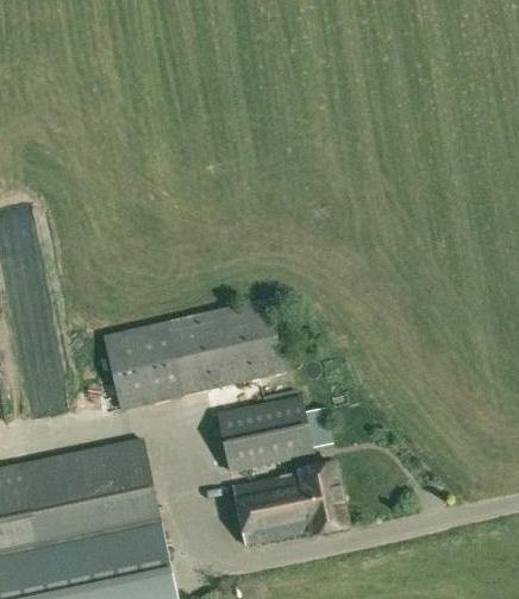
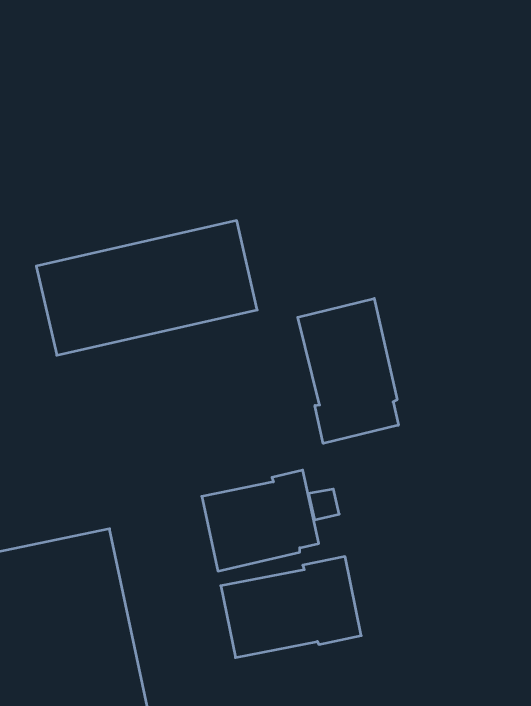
building: none -> [298,298,398,443]
building: [104,300,283,409] -> [36,221,257,355]

